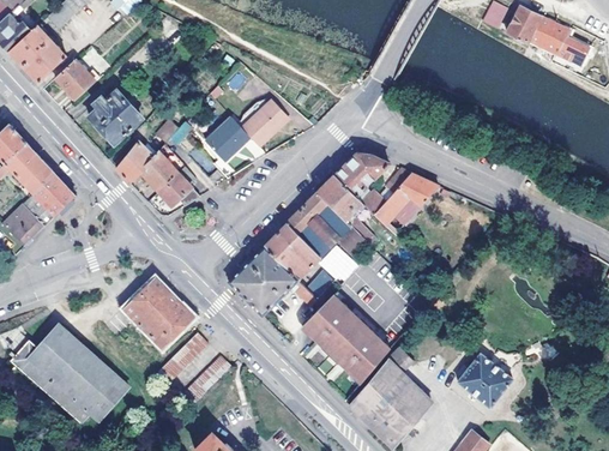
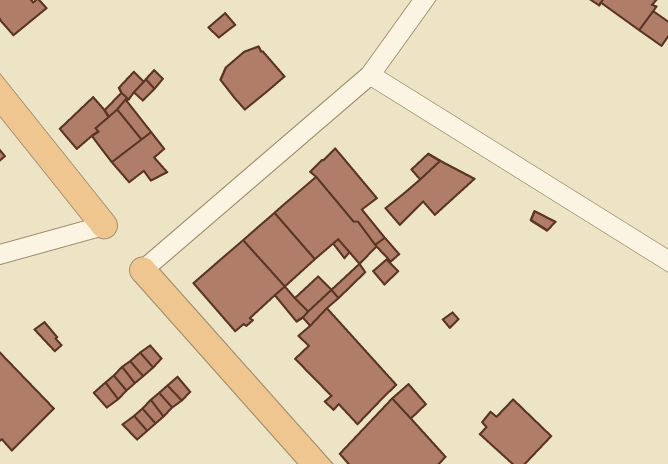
building: [90,91,144,144] -> none
building: [204,116,249,162] -> none
building: [334,152,390,214] -> none
building: [117,276,195,349] -> none

